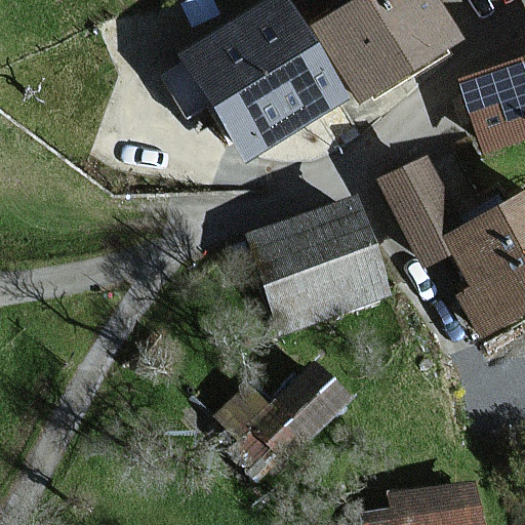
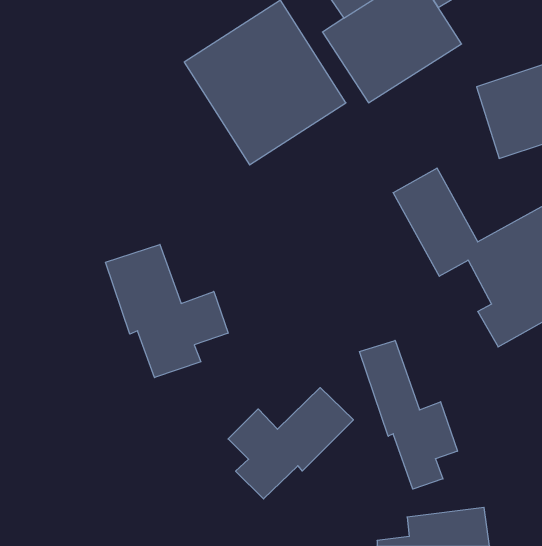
building: [252,202,383,329] -> none
building: none -> [105,244,228,378]
building: none -> [359,340,457,489]

